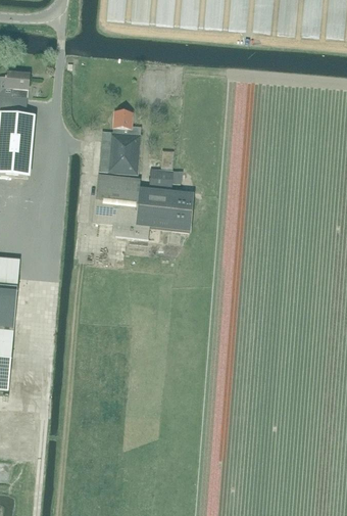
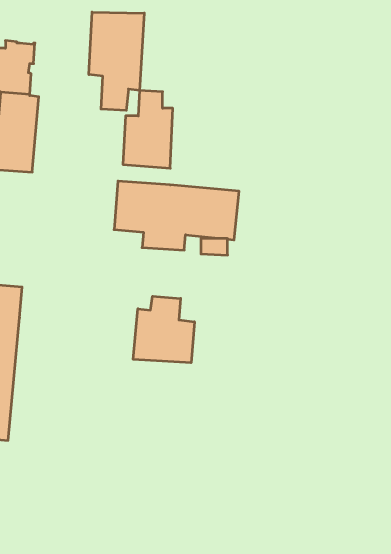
building: none -> [89,12,144,110]
building: [150,168,182,188] -> none
building: none -> [133,296,194,363]

